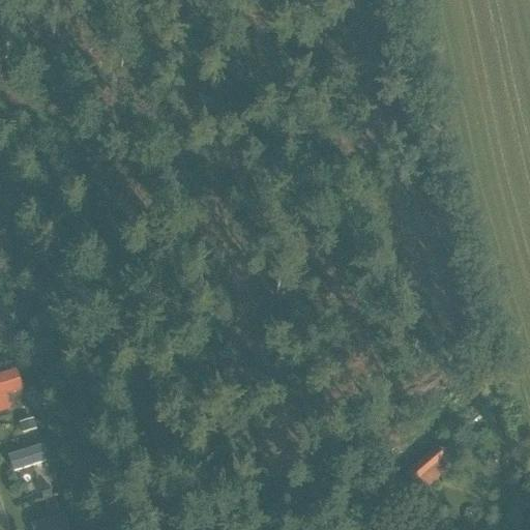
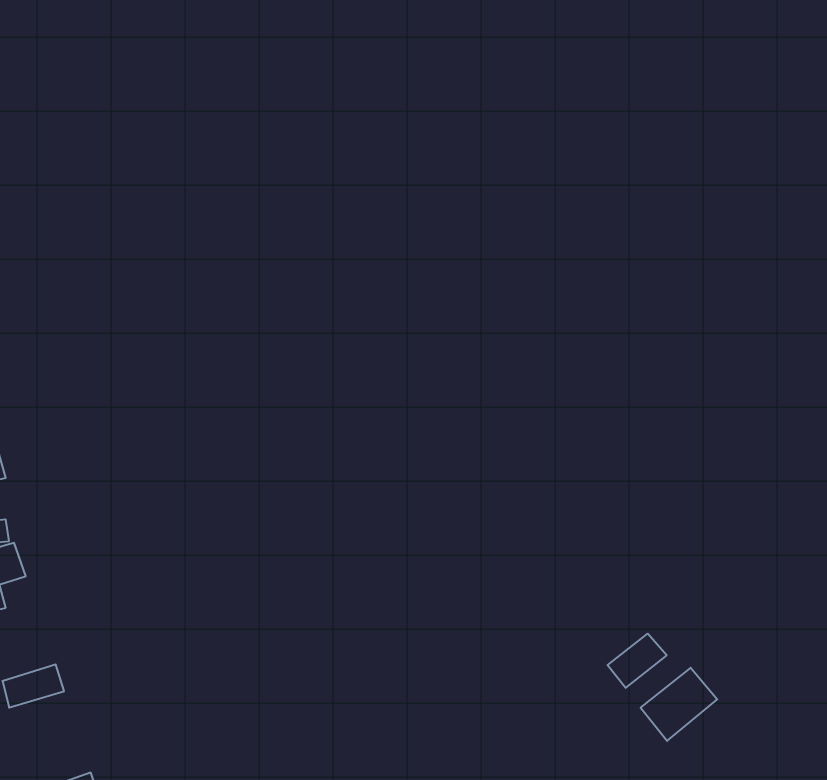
building: none -> [608,634,667,688]

